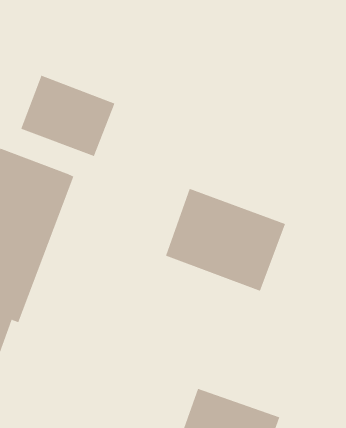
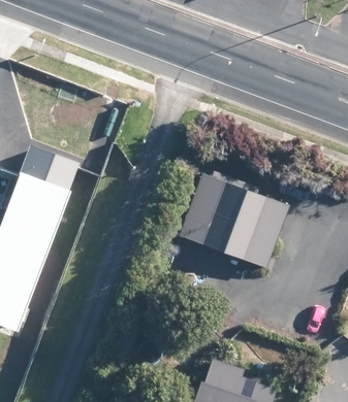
building: [21,75,115,157] -> none

